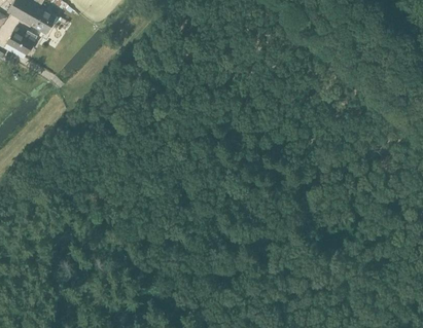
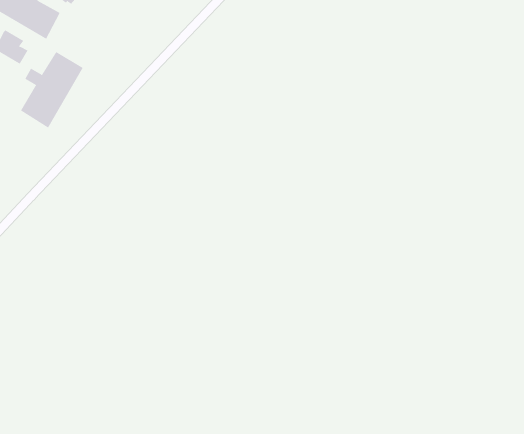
building: none -> [20,51,83,129]

